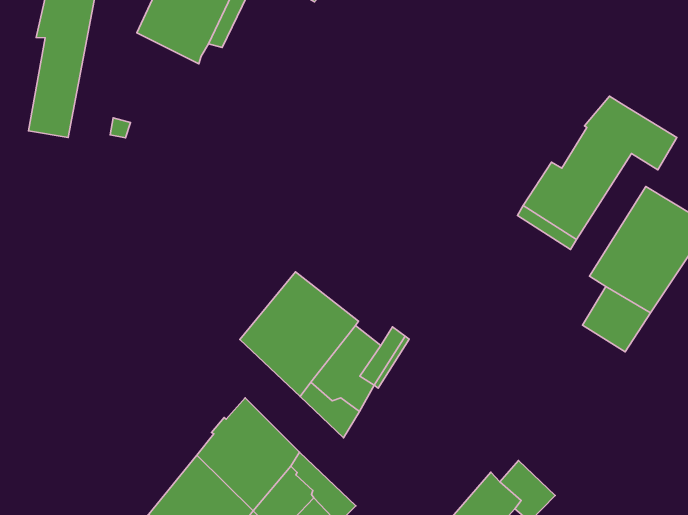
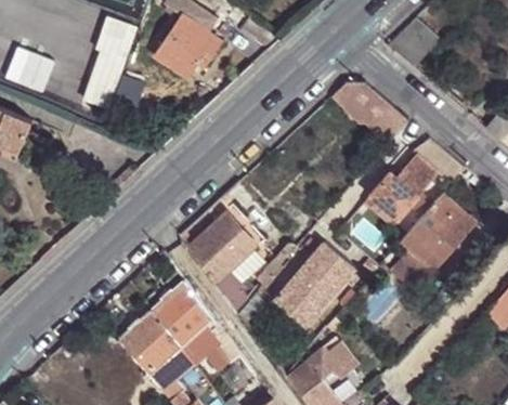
building: none -> [330,78,406,141]
building: none -> [271,240,353,327]

